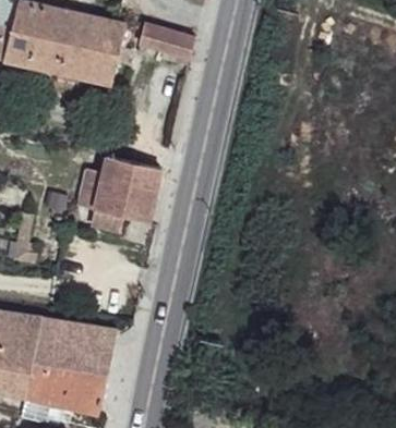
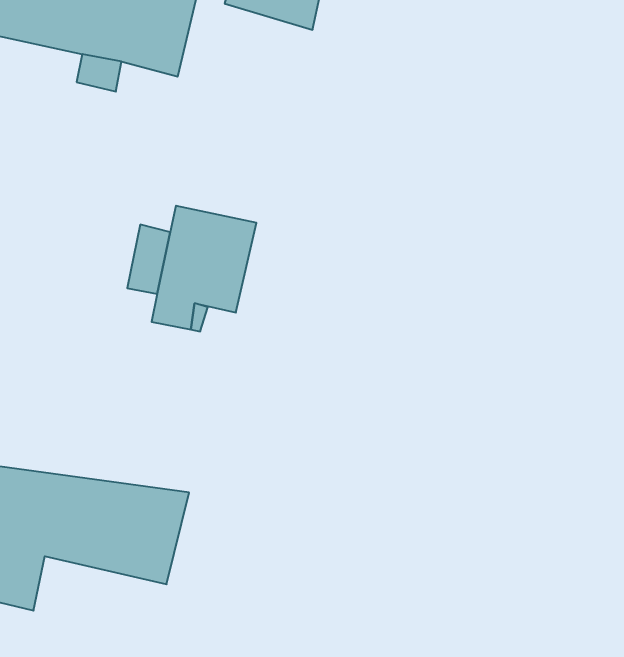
building: [26,365,104,413] -> none

